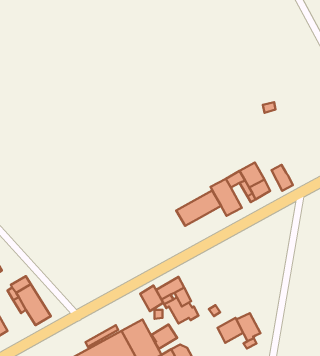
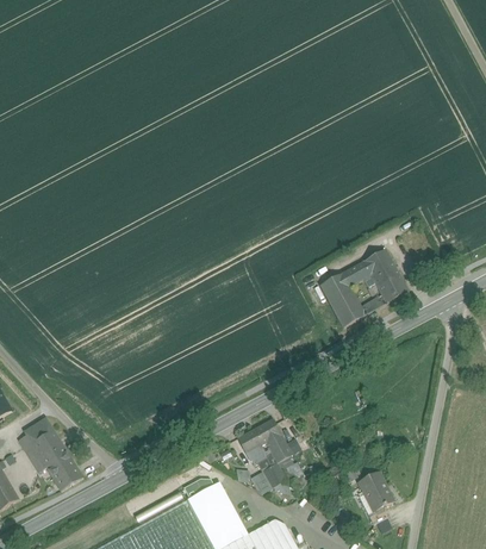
building: [271,165,293,191] -> none
building: [176,190,221,226] -> none
building: [140,286,163,311] -> none
building: [217,318,243,343] -> none
building: [152,325,177,349] -> none

